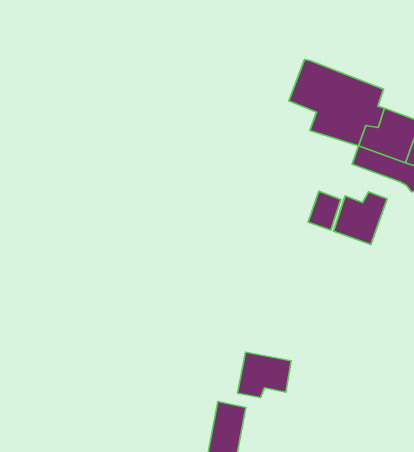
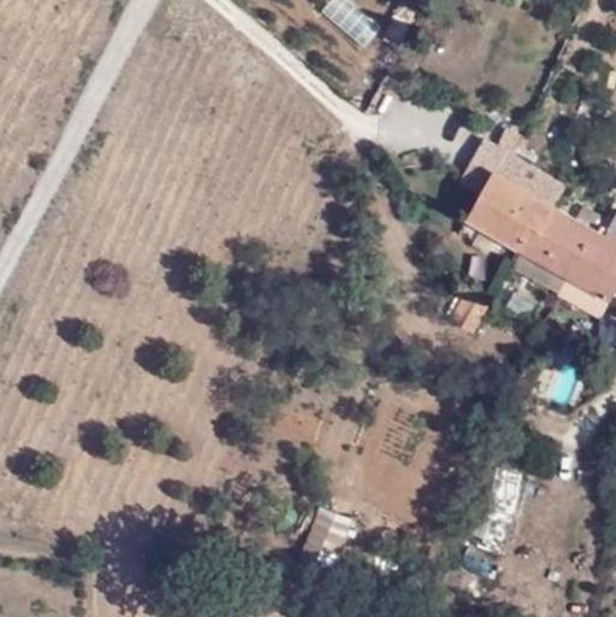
building: [333,192,387,245] -> none
building: [238,352,291,398] -> none

